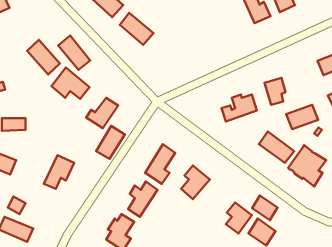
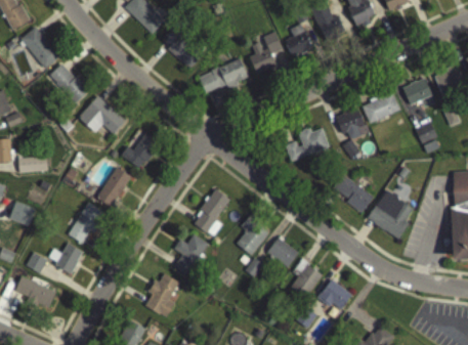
building: none -> [285,23,313,57]
building: none -> [250,33,288,75]
building: [58,35,90,70] -> [20,26,59,68]
building: none -> [199,58,249,94]
building: [286,105,318,129] -> [361,92,400,122]
building: [96,126,125,159] -> [97,166,132,206]
building: none -> [48,243,83,272]
building: [252,196,278,220] -> [267,238,298,267]

